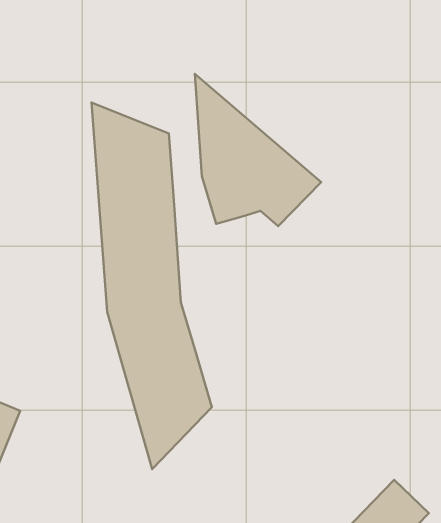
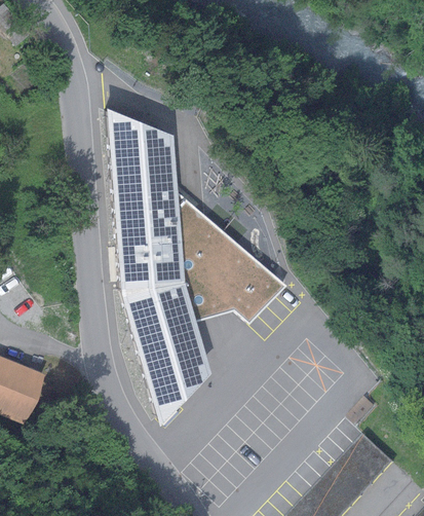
building: [195,74,321,226] -> [178,192,286,324]

